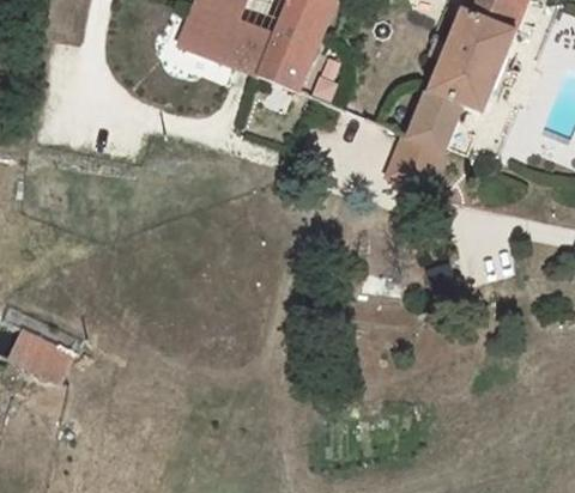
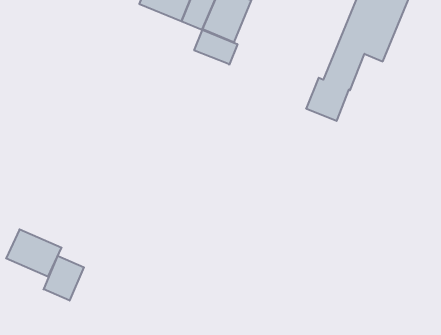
building: none -> [194,30,237,65]
building: none -> [43,256,84,301]

